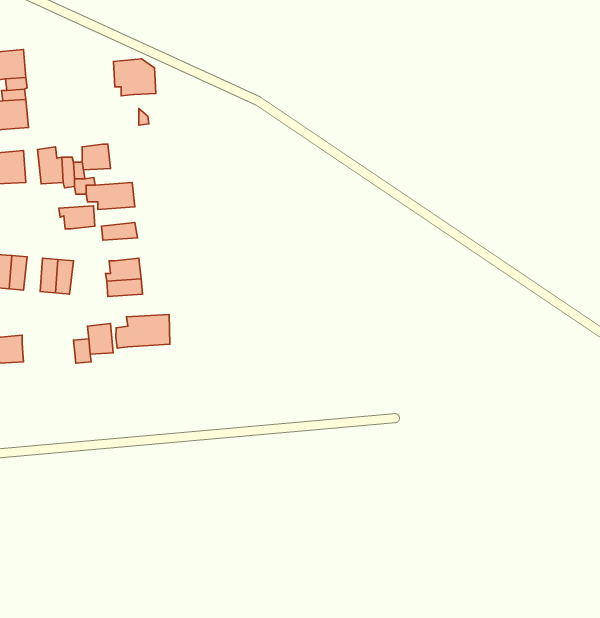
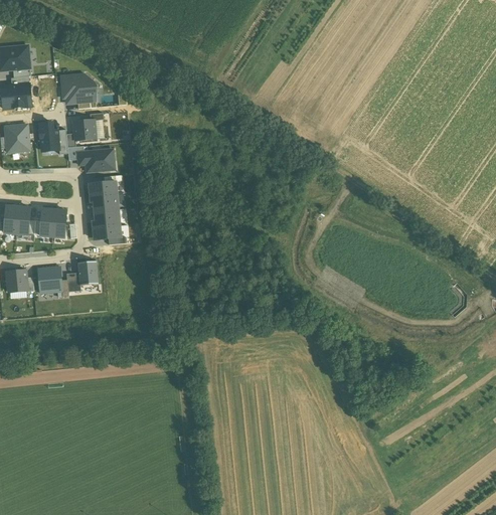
building: [113,59,156,96] -> [61,74,95,104]
building: [59,206,95,229] -> [90,193,118,211]
building: [116,314,170,348] -> none
building: none -> [38,267,62,293]

